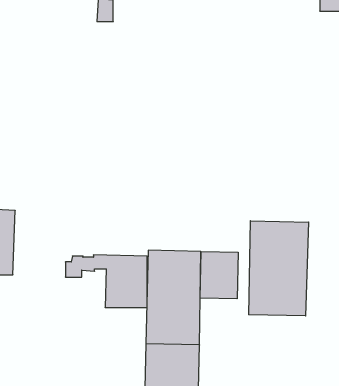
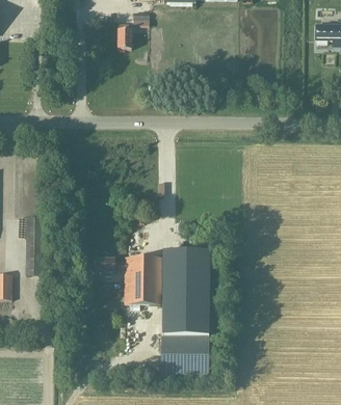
building: [249,221,309,316] -> none
building: [200,252,238,299] -> none

